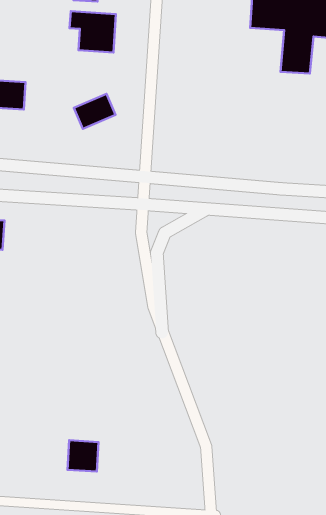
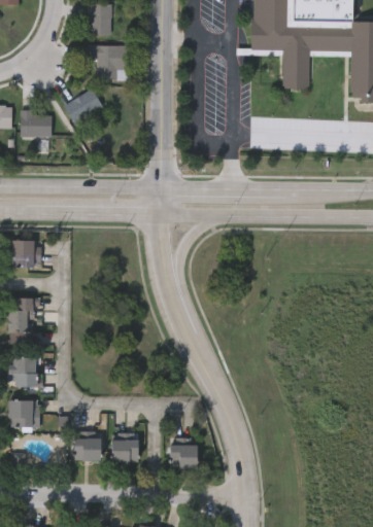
building: [74,94,116,129] -> [64,90,102,122]
building: none -> [73,436,100,459]
building: none -> [169,443,197,467]

